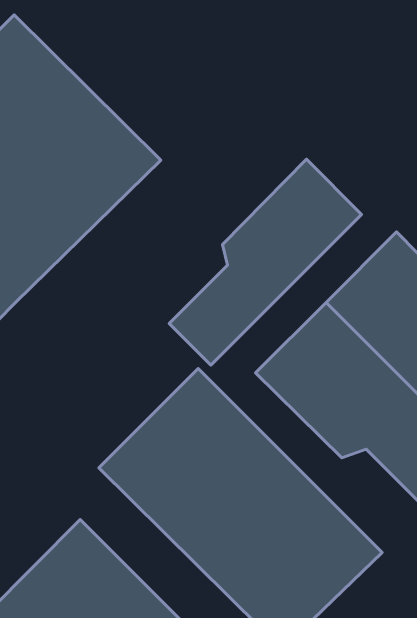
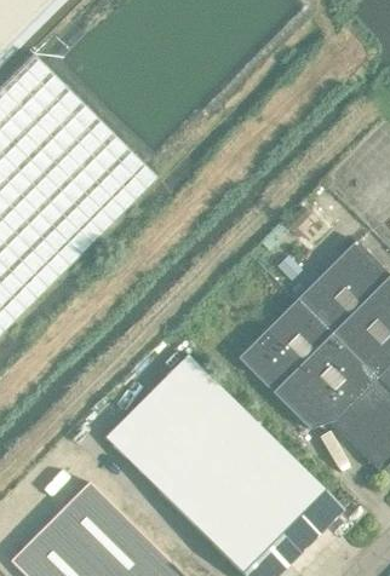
building: [169,159,362,365] -> none

